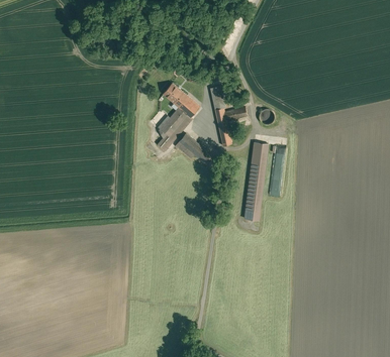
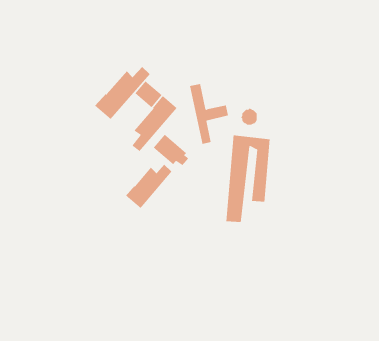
building: none -> [94,66,151,120]
building: none -> [125,164,172,209]

